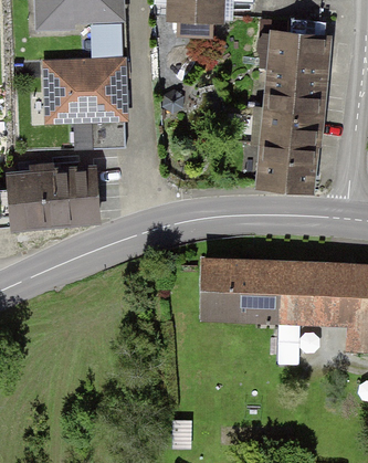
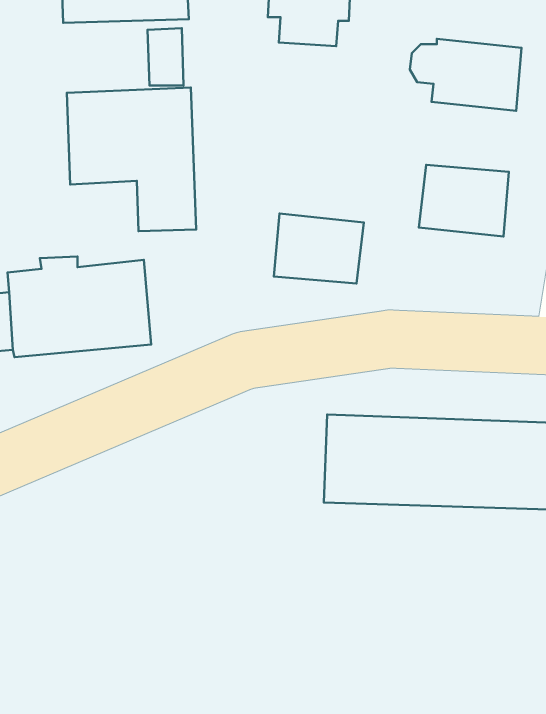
building: [267,67,323,111] -> none
building: [260,145,315,188] -> [274,213,364,284]

